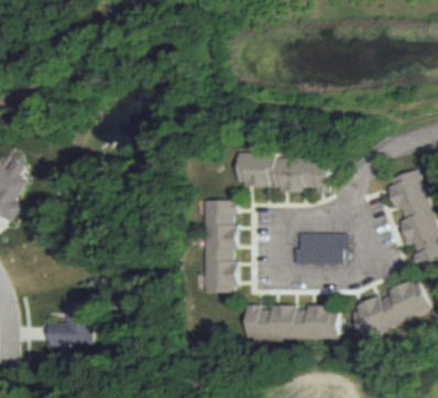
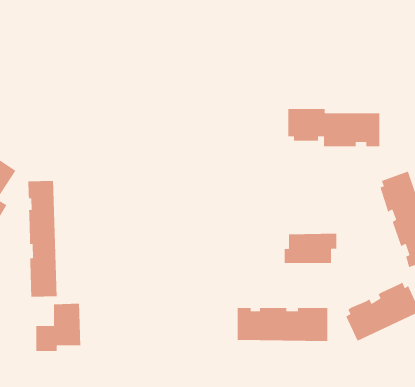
building: [239,153,330,192] -> [288,108,380,147]
building: none -> [28,180,58,298]
building: [205,201,239,292] -> none

